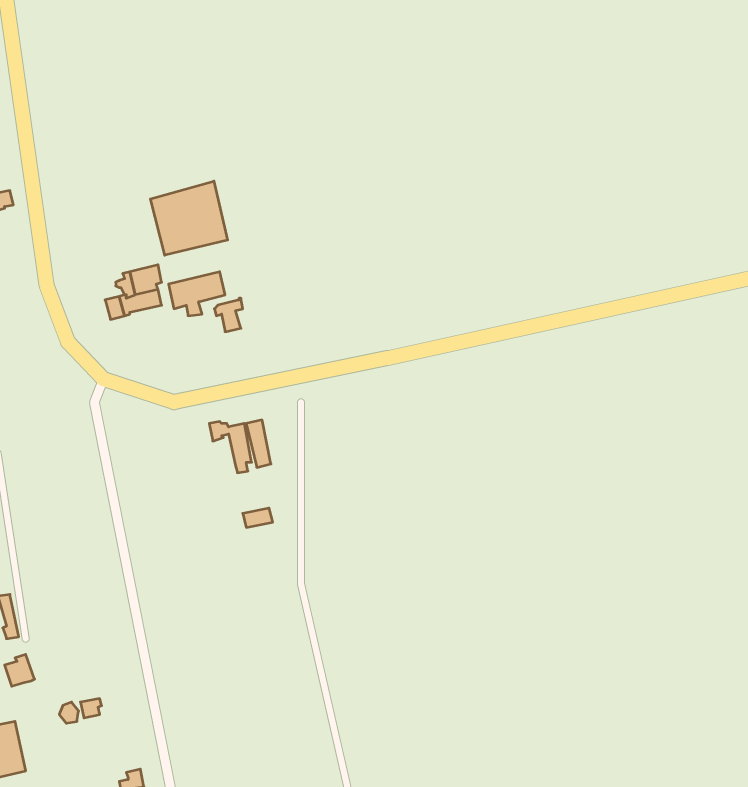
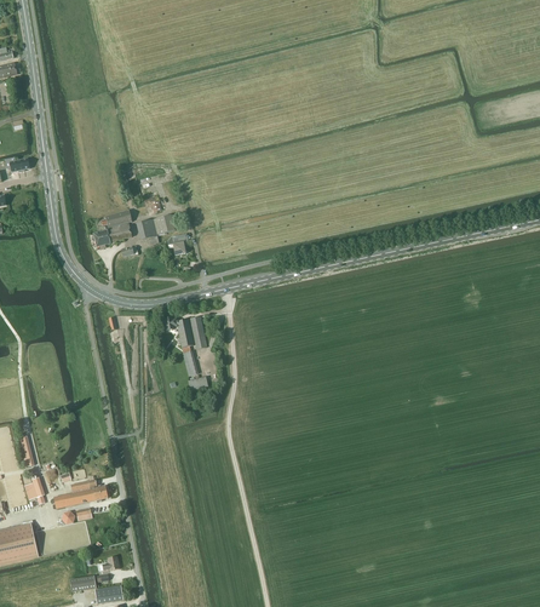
building: [150,181,228,255] -> none
building: none -> [53,476,107,508]

